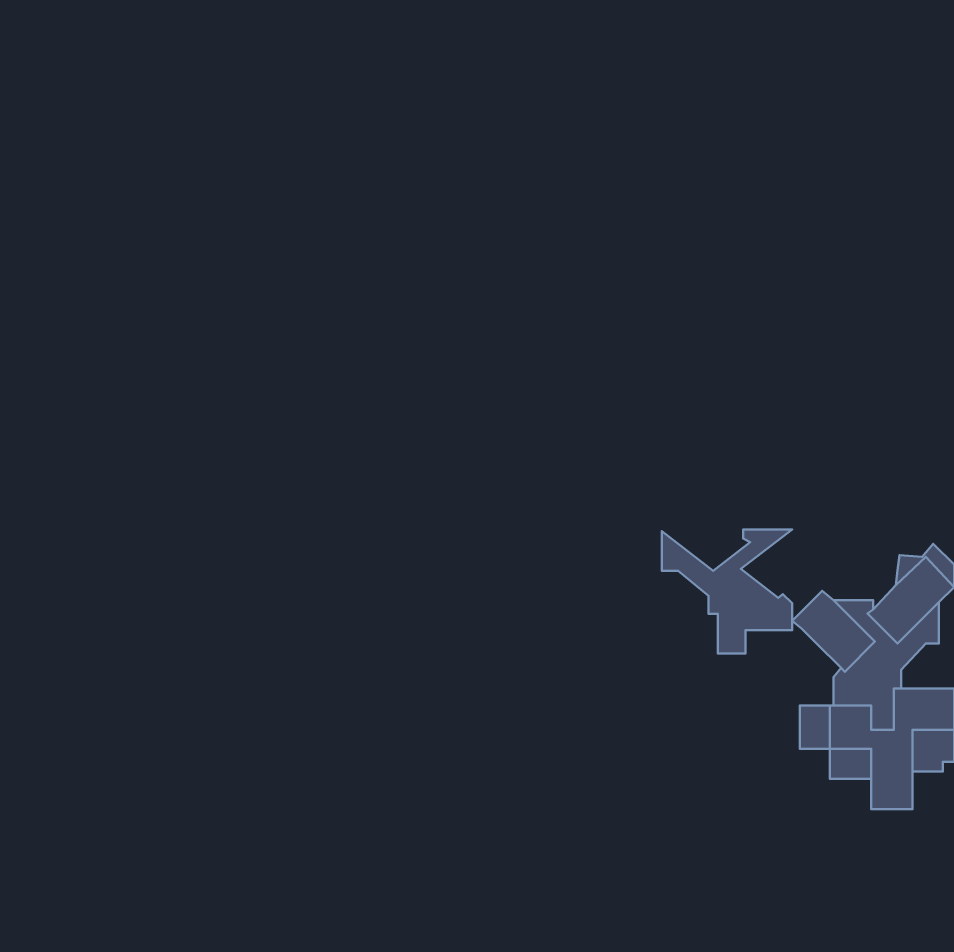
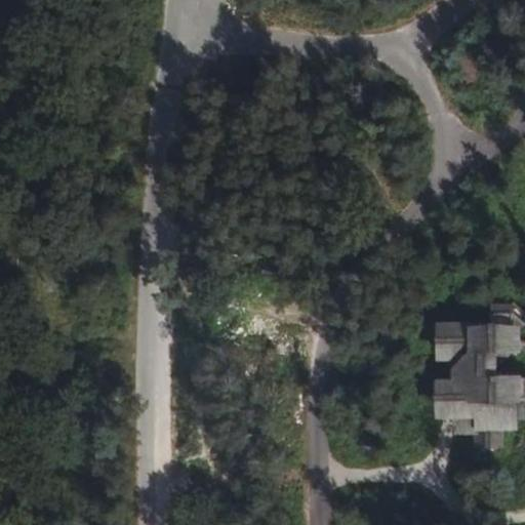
building: [662,529,792,653] -> none

